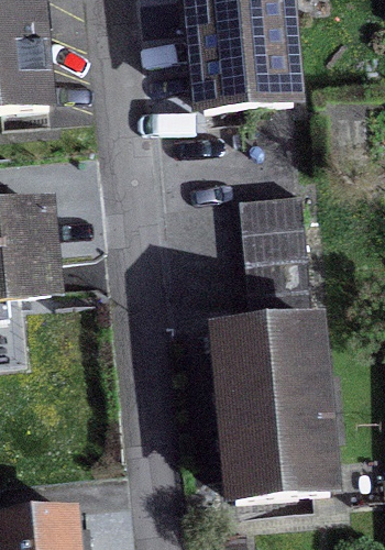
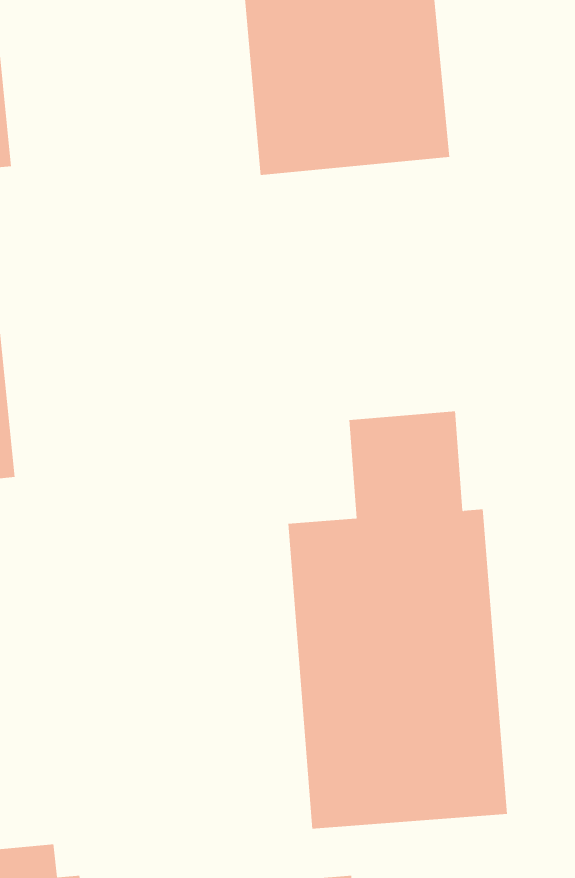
building: [241,194,309,261] -> none

